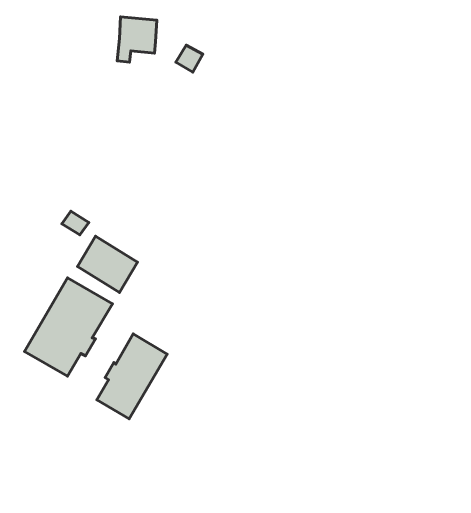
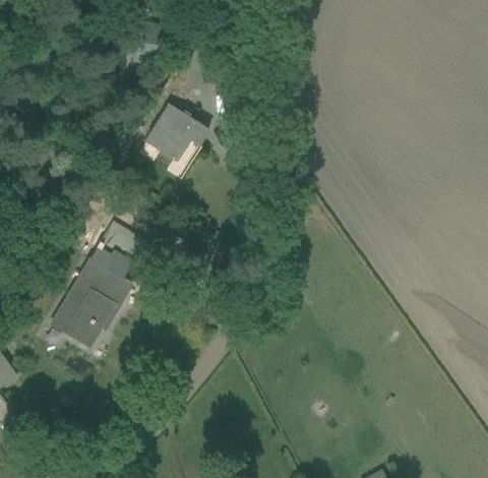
building: none -> [143,104,208,162]
building: [97,334,167,419] -> none

